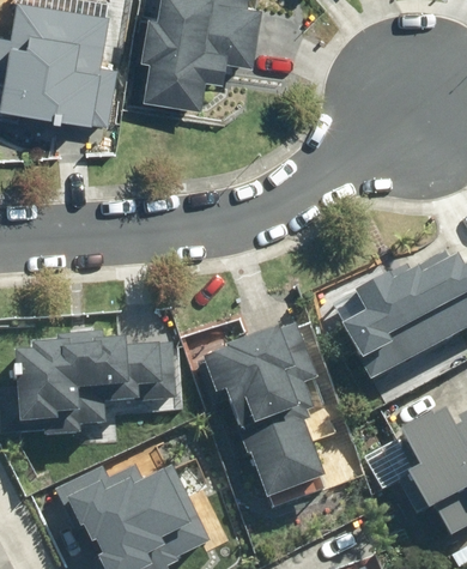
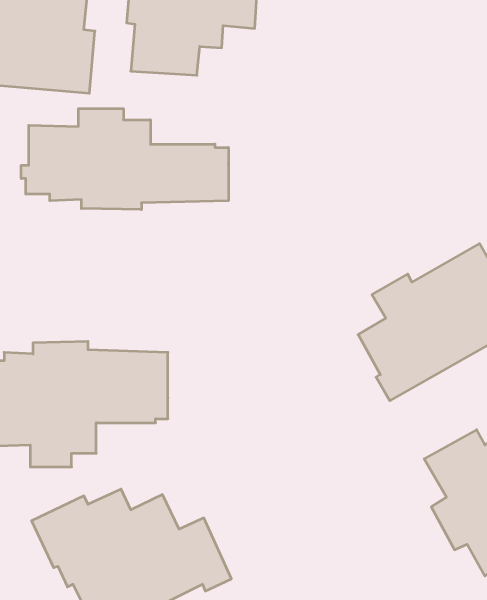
building: none -> [21,109,228,210]
building: [204,323,322,502] -> none

